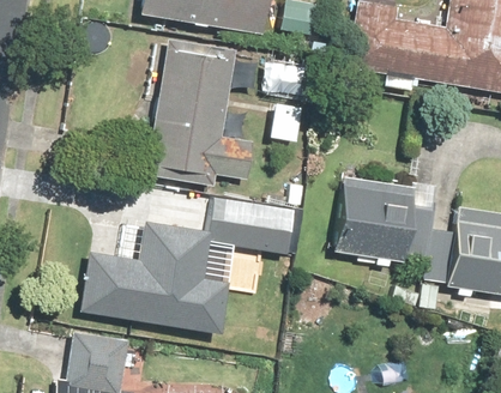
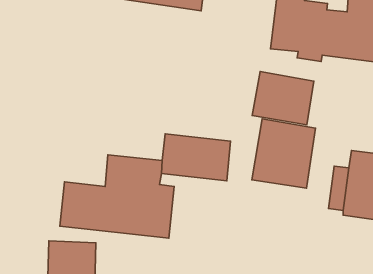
building: [146,38,256,182] -> none
building: none -> [252,71,314,125]

